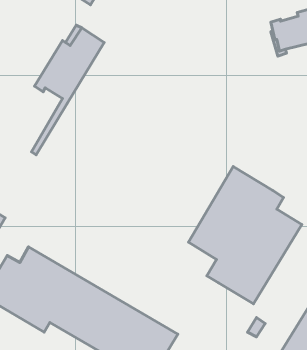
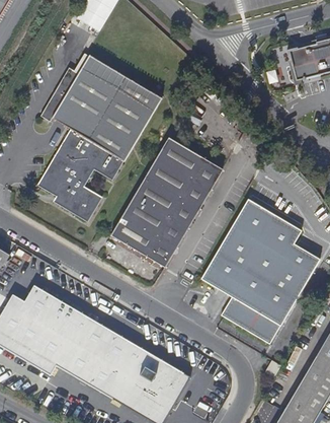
building: none -> [42,70,162,222]
building: none -> [108,137,221,268]

